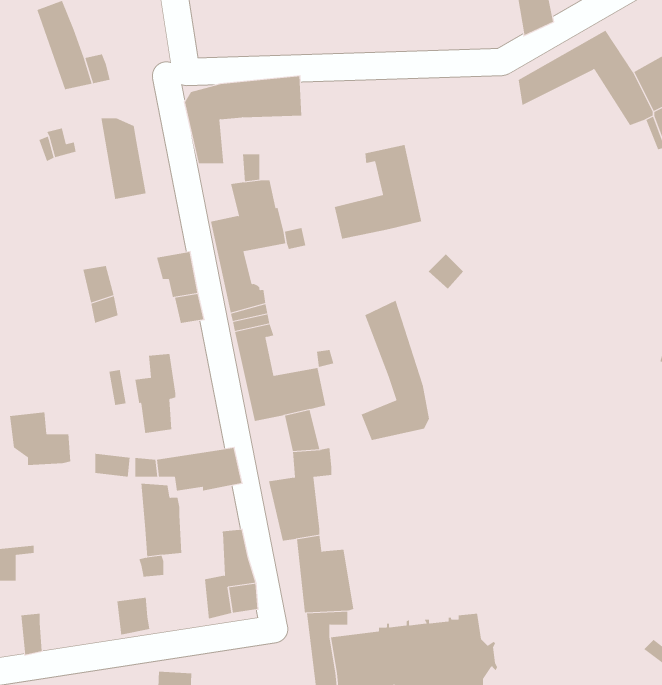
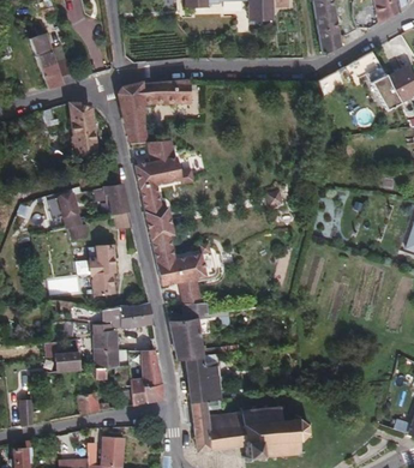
building: [334,144,422,239] -> none
building: [361,300,430,441] -> none
building: [9,412,71,466] -> [43,341,80,373]

